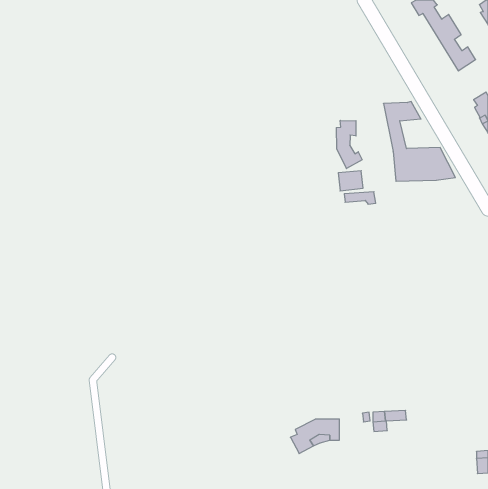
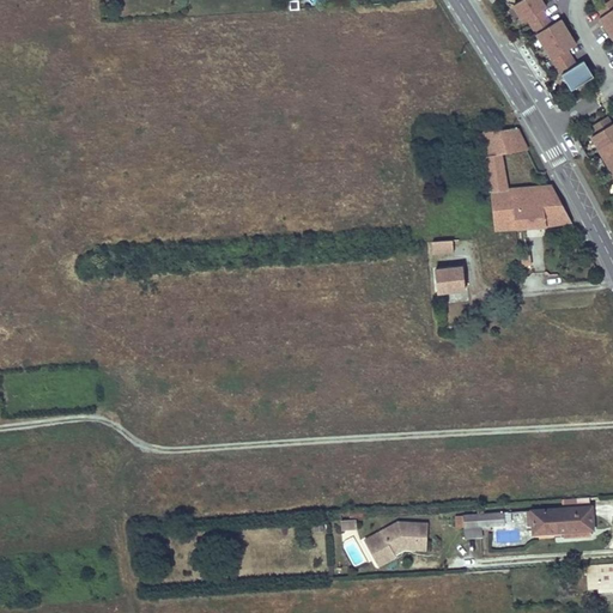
building: [336,120,362,169] -> none
building: [338,171,363,191] -> [432,268,463,293]
building: none -> [535,508,596,534]

